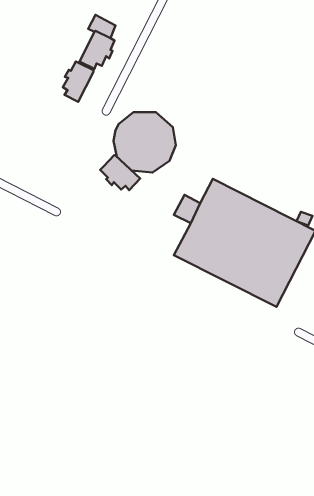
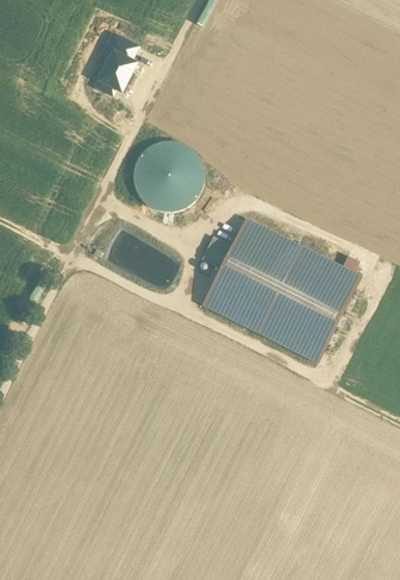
building: [63,61,94,102] -> none
building: [100,155,140,190] -> none

